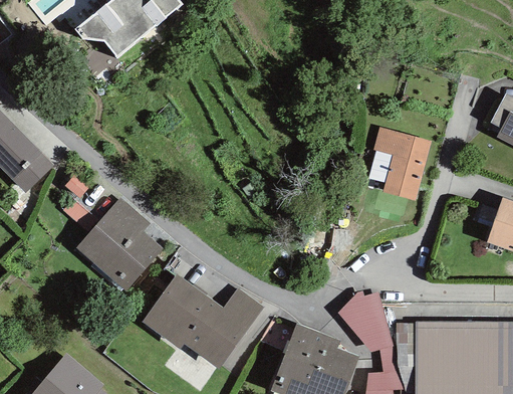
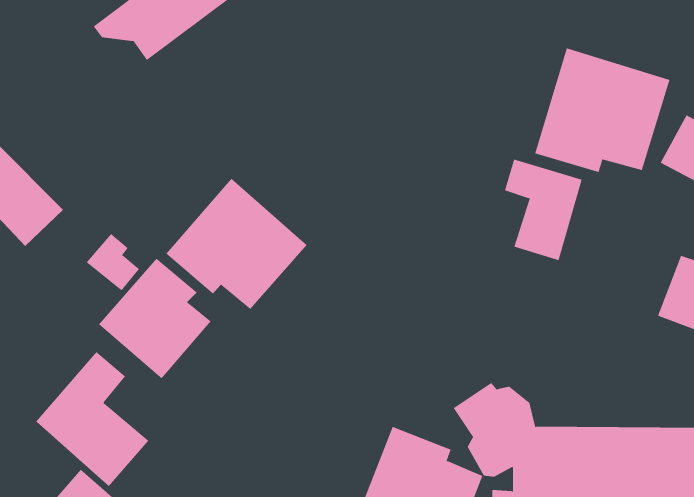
building: none -> [535,48,670,173]
building: none -> [166,178,307,310]
building: none -> [35,351,149,487]
building: [140,273,261,367] -> none

